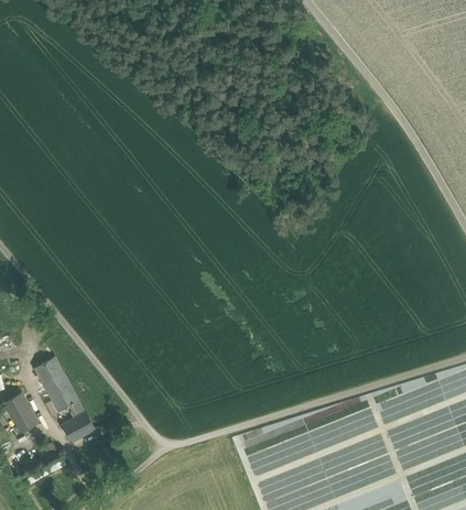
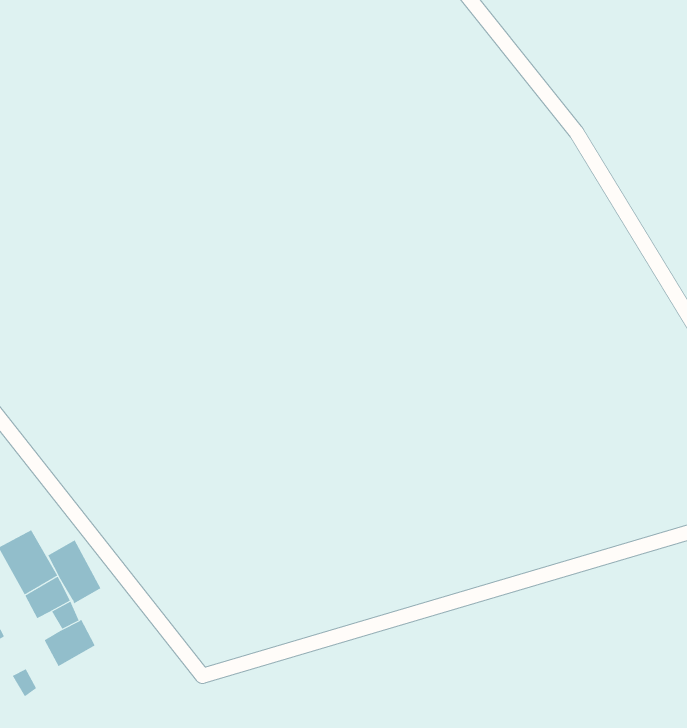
building: none -> [48,540,101,604]

